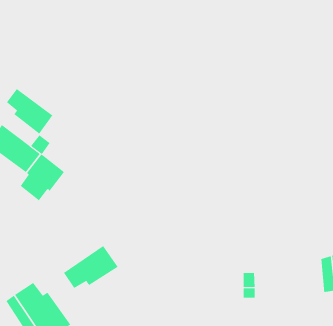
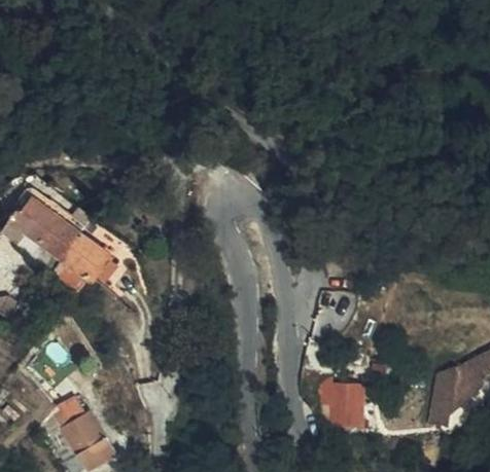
building: [6,88,53,134] -> none
building: [63,245,118,289] -> none

